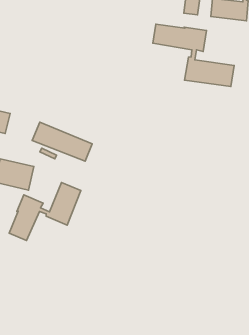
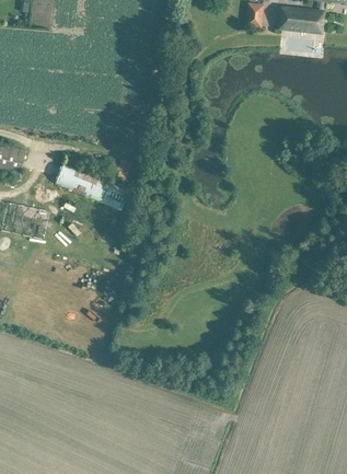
building: [153,24,234,87] -> none
building: [9,182,81,240] -> none

